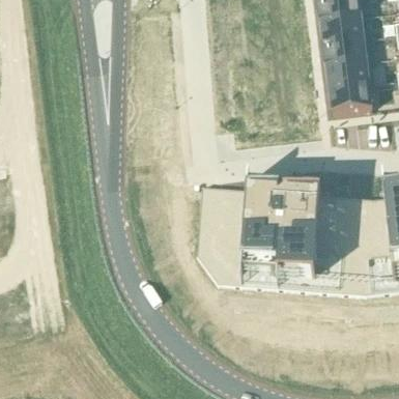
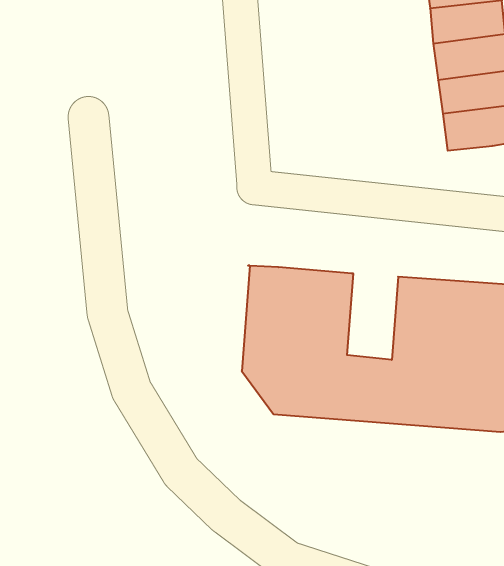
building: [264,188,297,249] -> none

